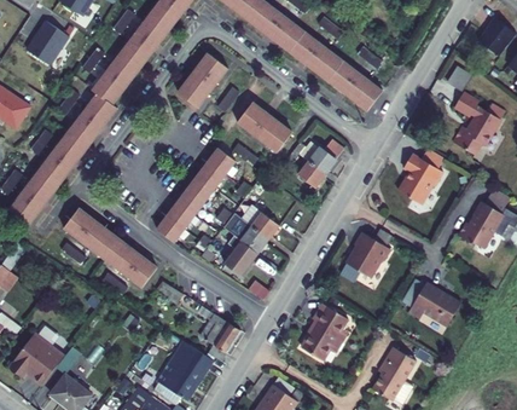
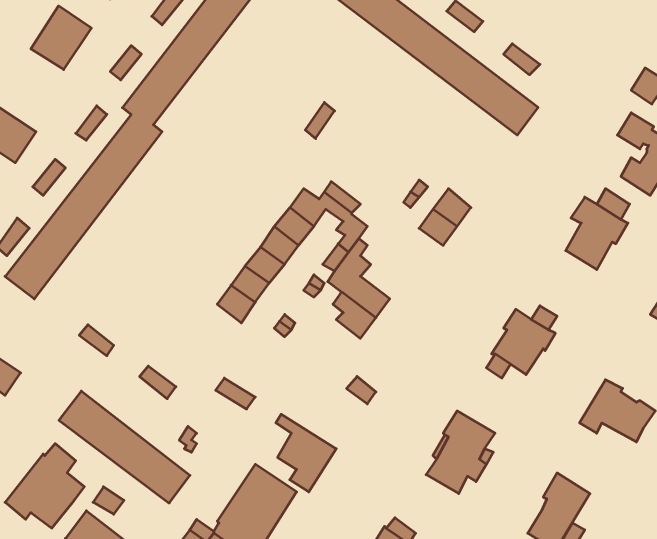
building: [176,52,227,106] -> none
building: [236,102,291,152] -> none
building: [63,208,155,287] -> [59,391,190,503]
building: [222,233,256,275] -> none

